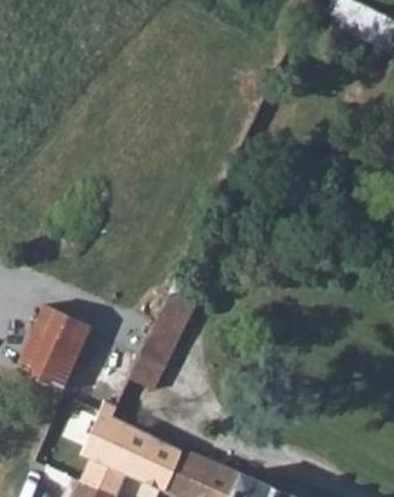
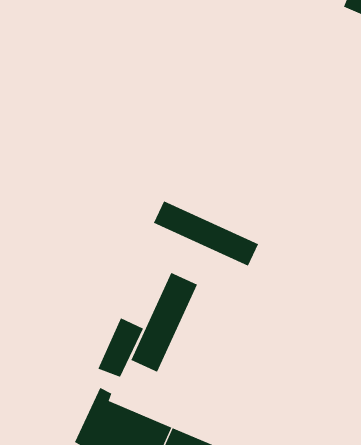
building: none -> [153,200,259,267]
building: [12,304,88,393] -> none

